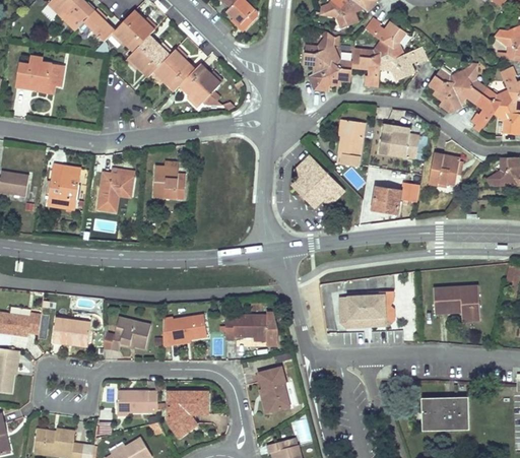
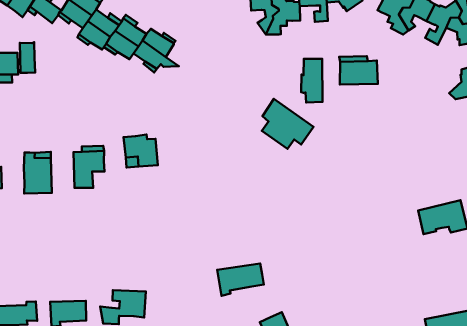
building: none -> [20,42,35,73]
building: [428,152,459,186] -> none
building: [372,181,419,213] -> none
building: [340,290,393,327] -> none
building: [162,315,207,346] -> none

